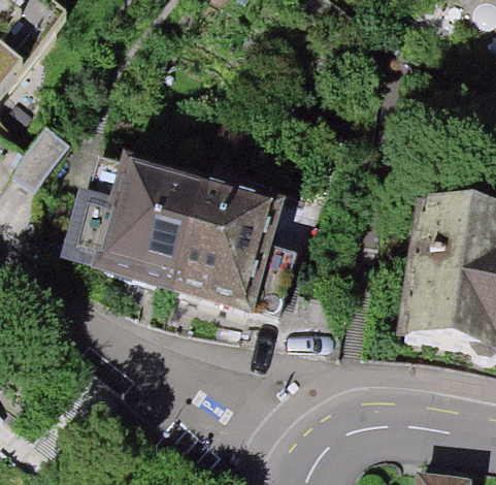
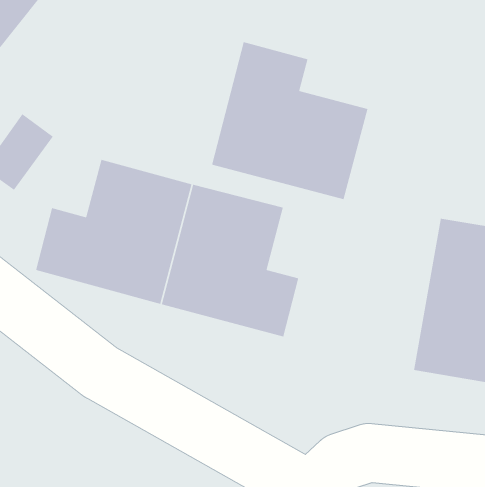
building: none -> [211,41,369,200]

